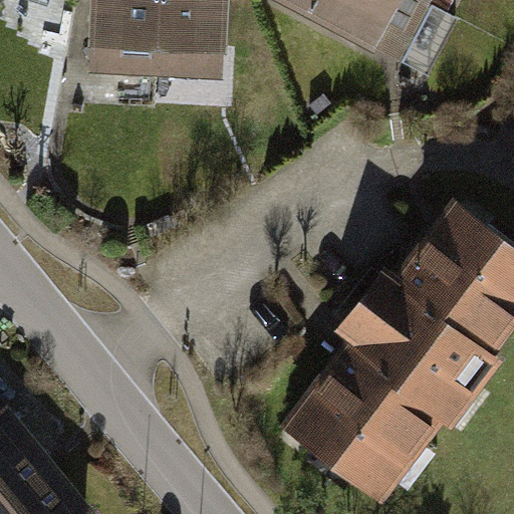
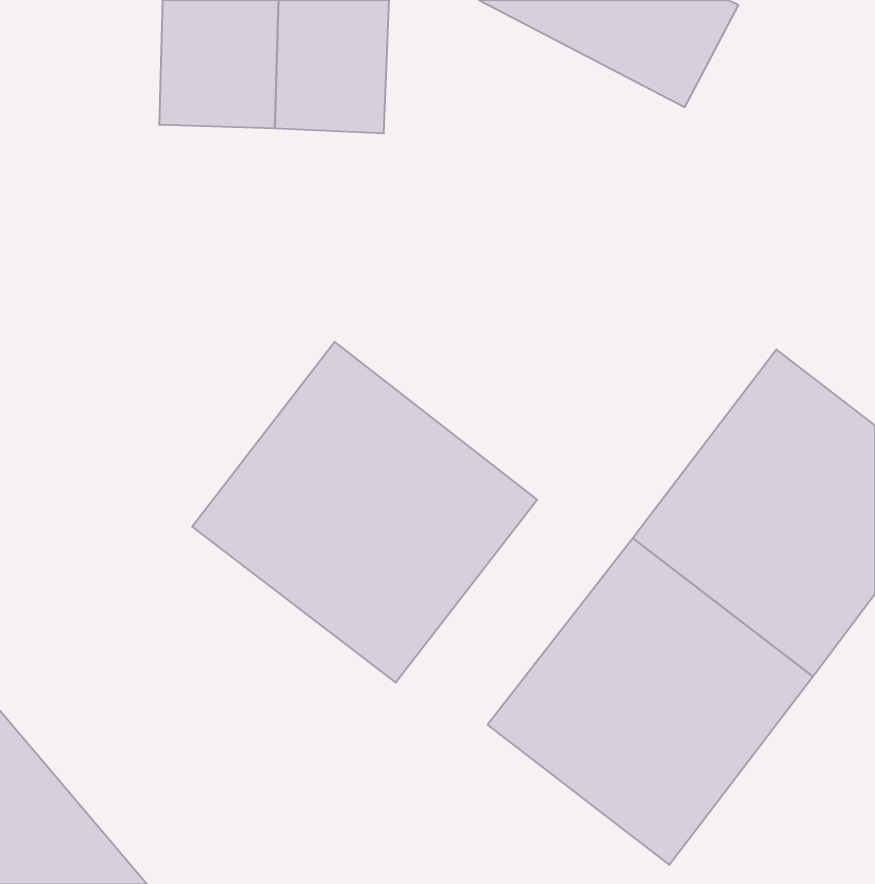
building: none -> [192,342,537,683]

